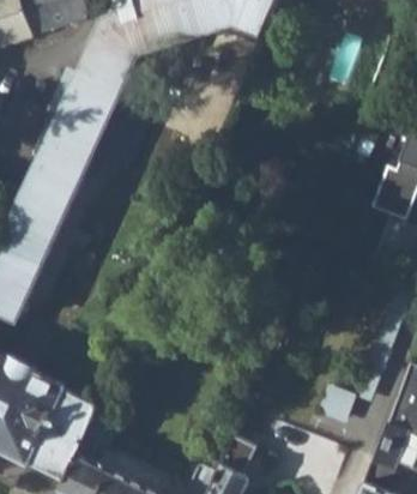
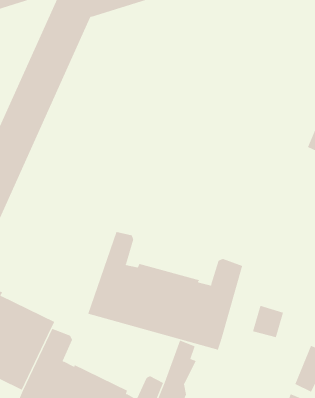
building: none -> [87,231,243,351]

